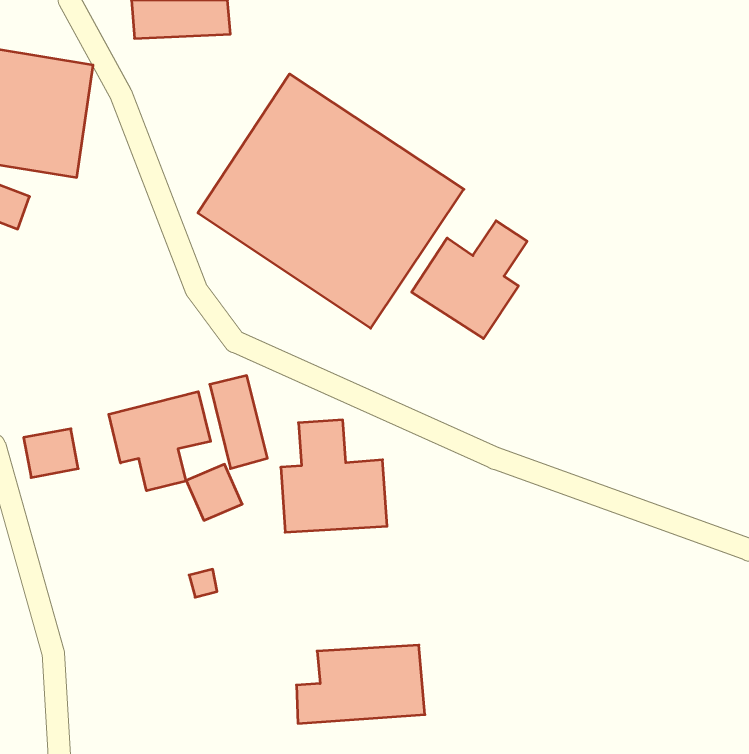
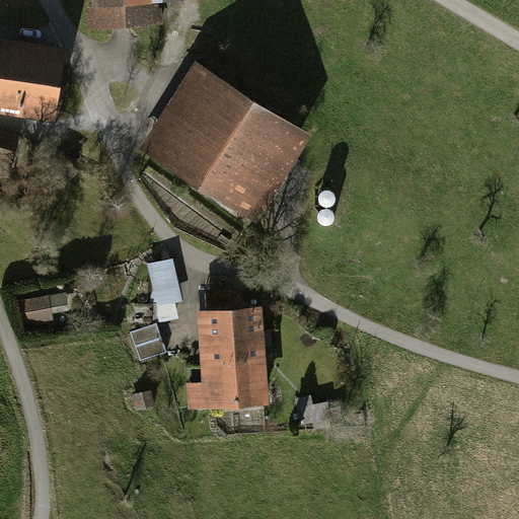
building: [412,221,527,339] -> none
building: [109,392,211,491] -> none
building: [296,645,425,723] -> [181,362,270,416]

